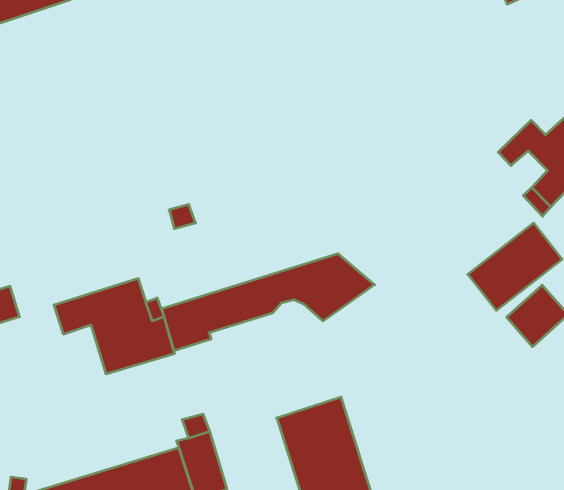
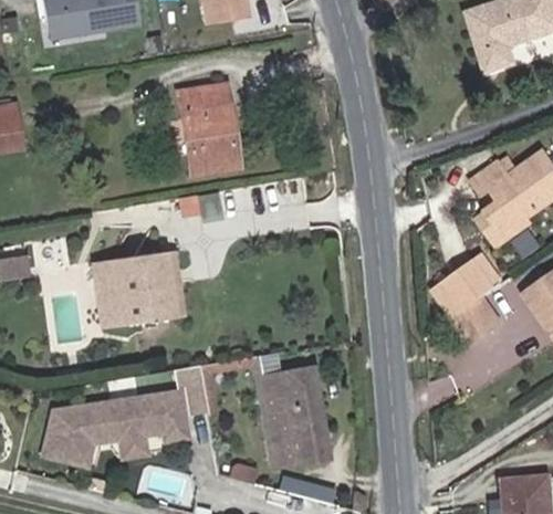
building: none -> [179,85,237,172]
building: [162,254,375,351] -> none
building: none -> [96,282,126,327]

